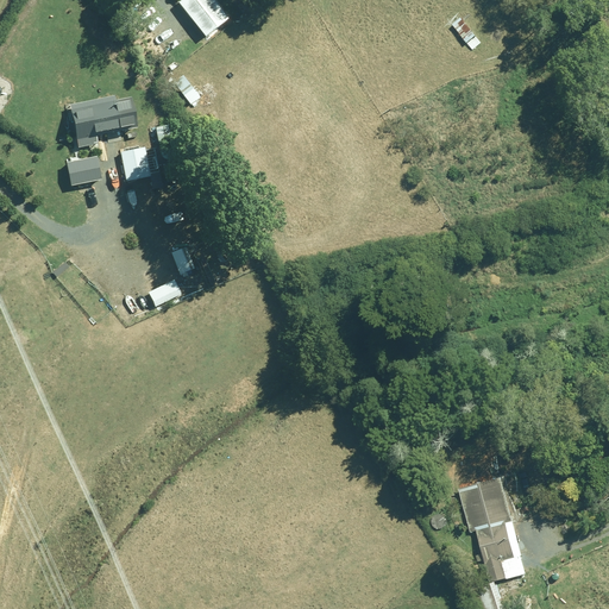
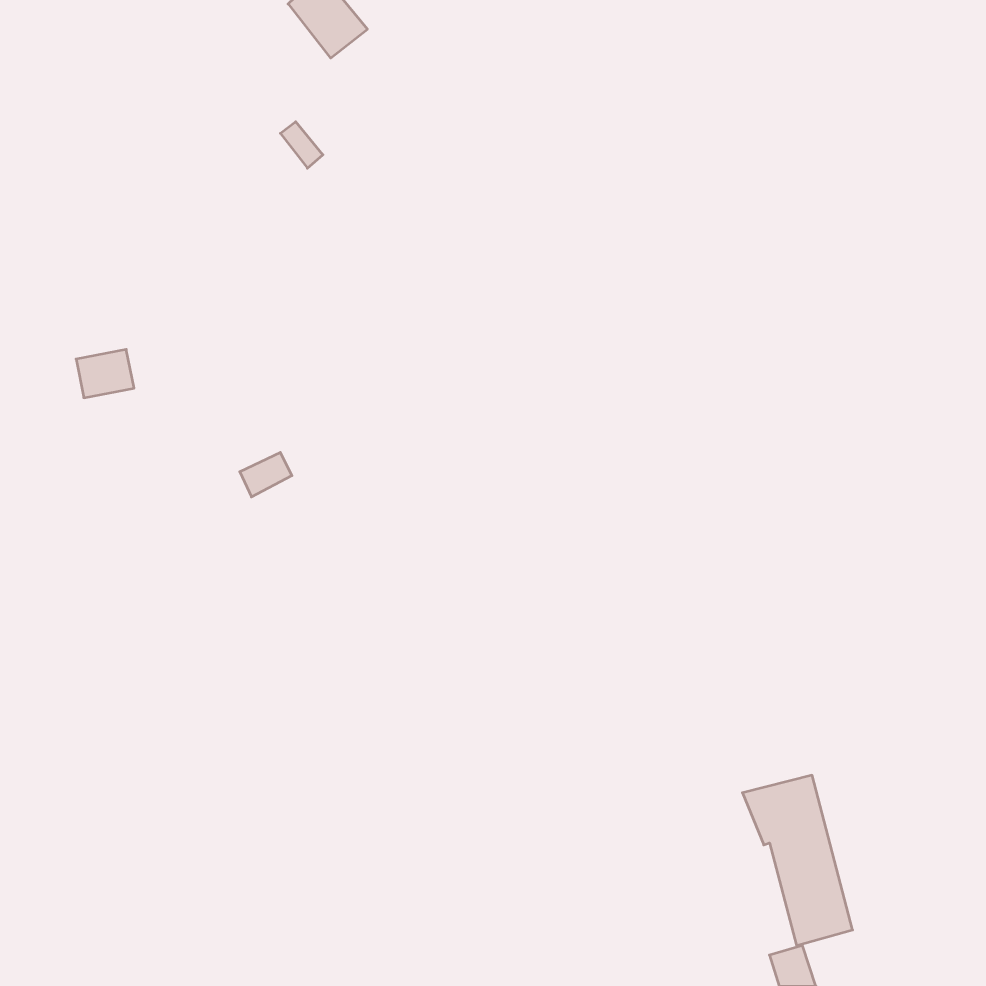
building: [71,95,133,146] -> none
building: [120,146,150,180] -> none
building: [65,155,101,184] -> [76,349,134,398]

